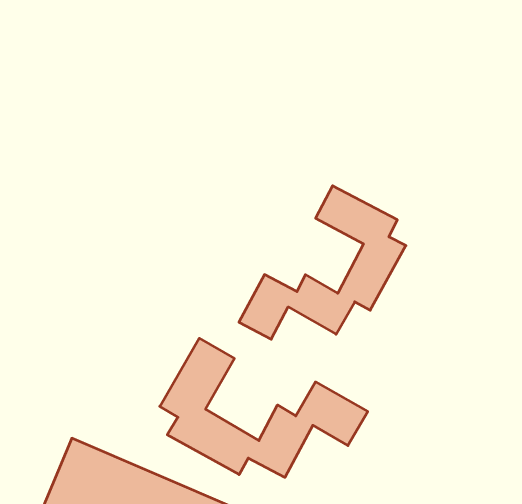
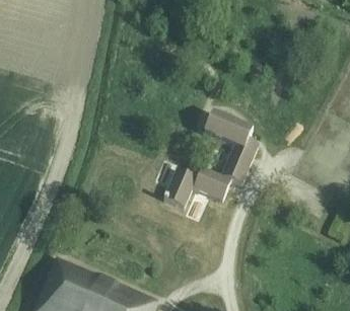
building: [160,338,368,477] -> none

